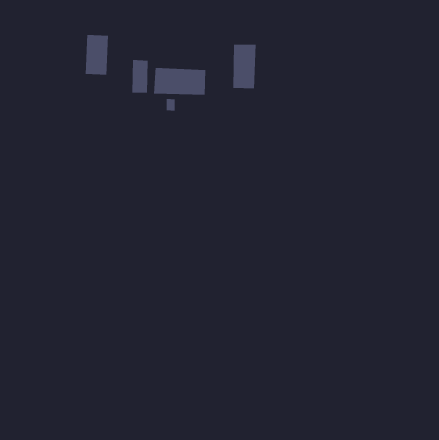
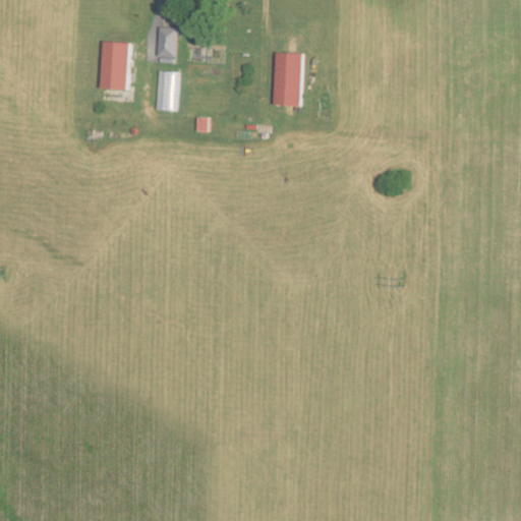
building: none -> [157,27,176,58]
building: [153,67,206,96] -> none

